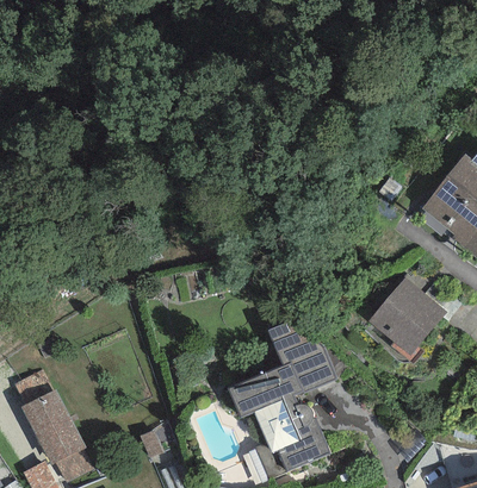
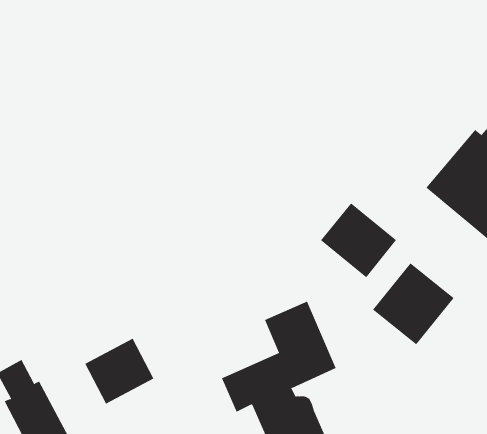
building: none -> [320,202,397,278]
building: none -> [84,338,154,405]

